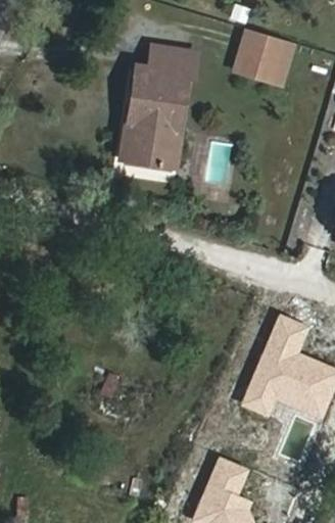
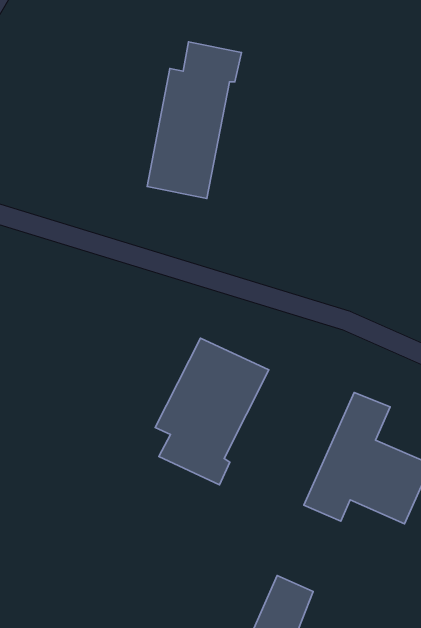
building: [237,32,284,79] -> none
building: none -> [155,338,269,485]

